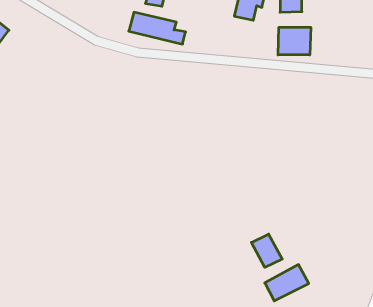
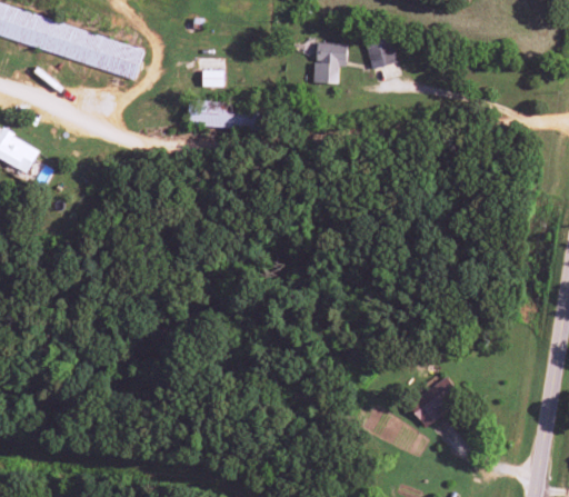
building: [278,27,311,55] -> none
building: [251,234,282,267] -> none

